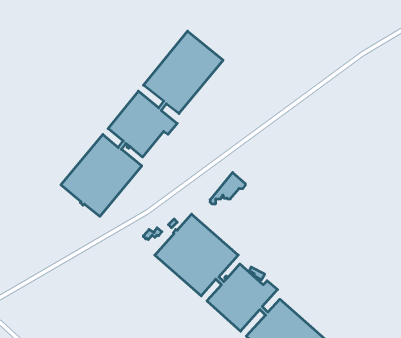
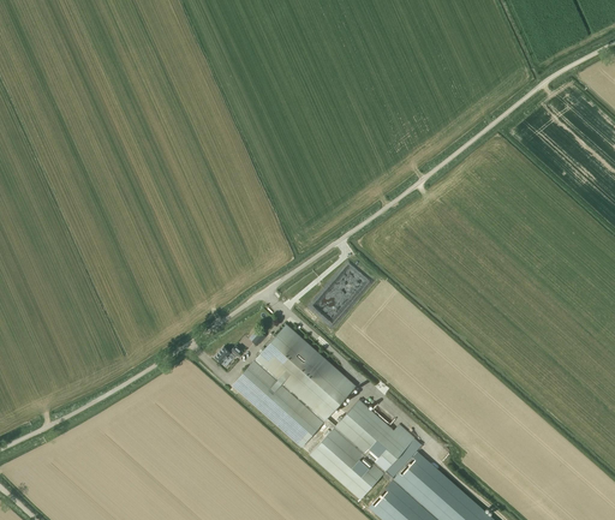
building: [61,31,223,216] -> none

